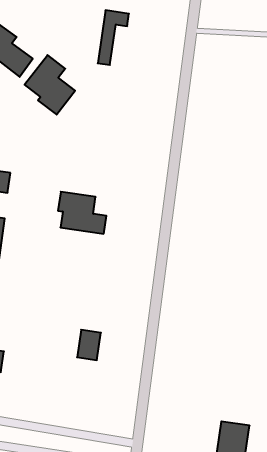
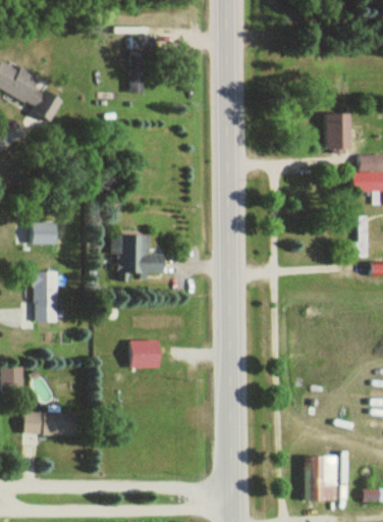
building: [25,55,75,115] -> none
building: [77,330,101,360] -> [139,337,160,367]

